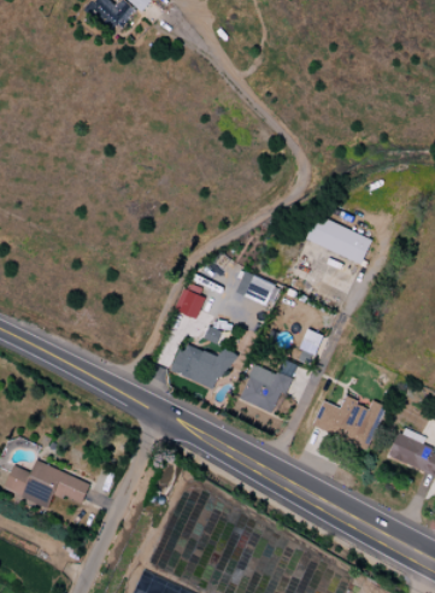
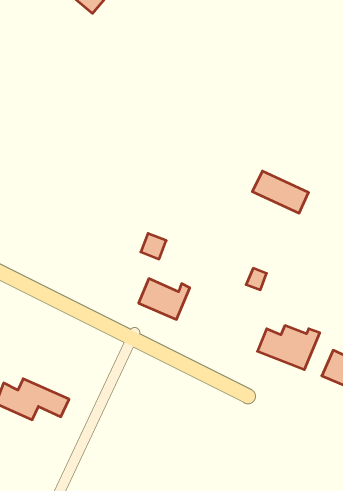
building: [234,271,274,305] -> none
building: [239,359,294,413] -> none

